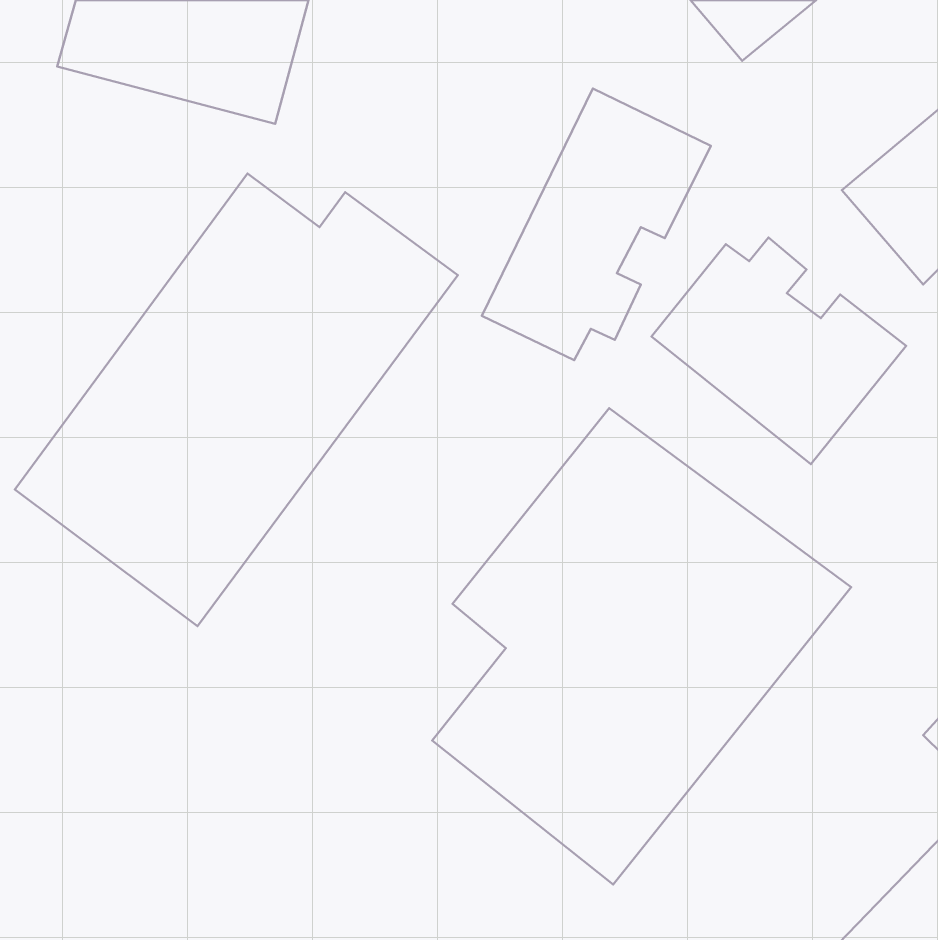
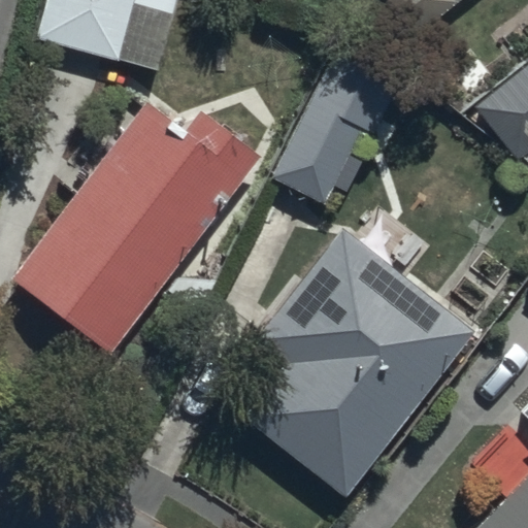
building: [651,238,906,464] -> none

